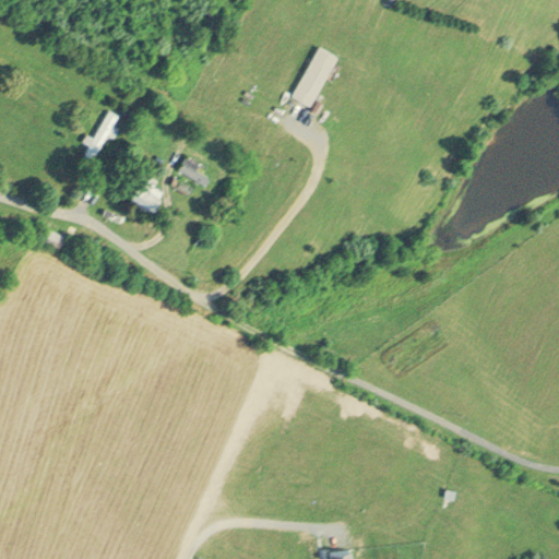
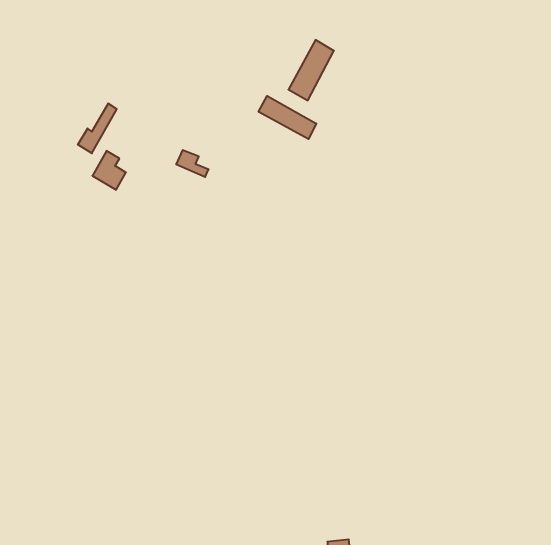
building: none -> [259,96,316,139]
building: [131,173,165,212] -> [92,151,126,190]

